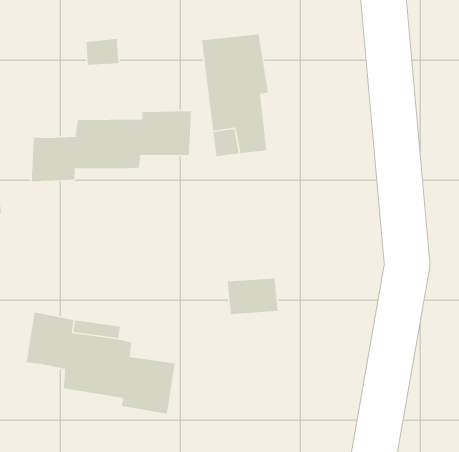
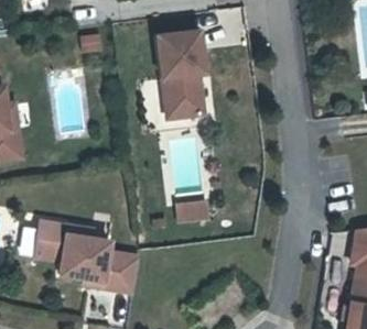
building: [31,111,192,182] -> none

